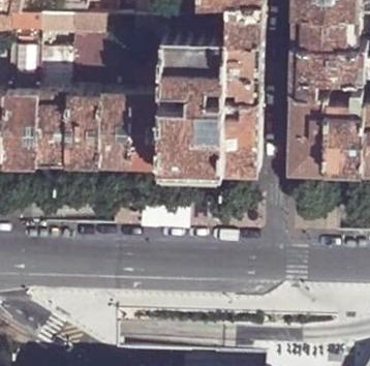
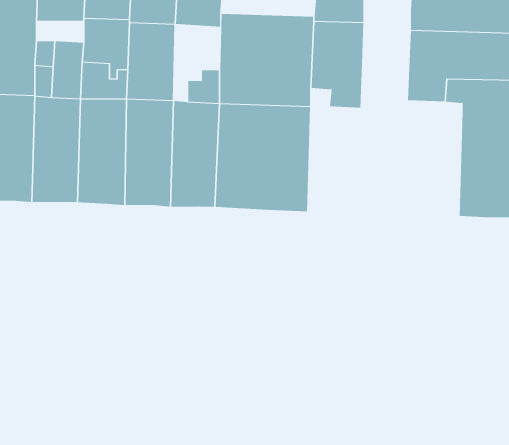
building: [221,91,257,176] -> none
building: [286,99,326,178] -> none

